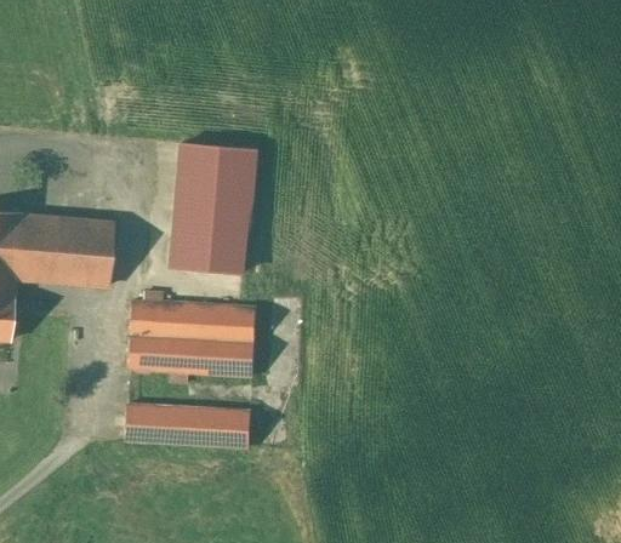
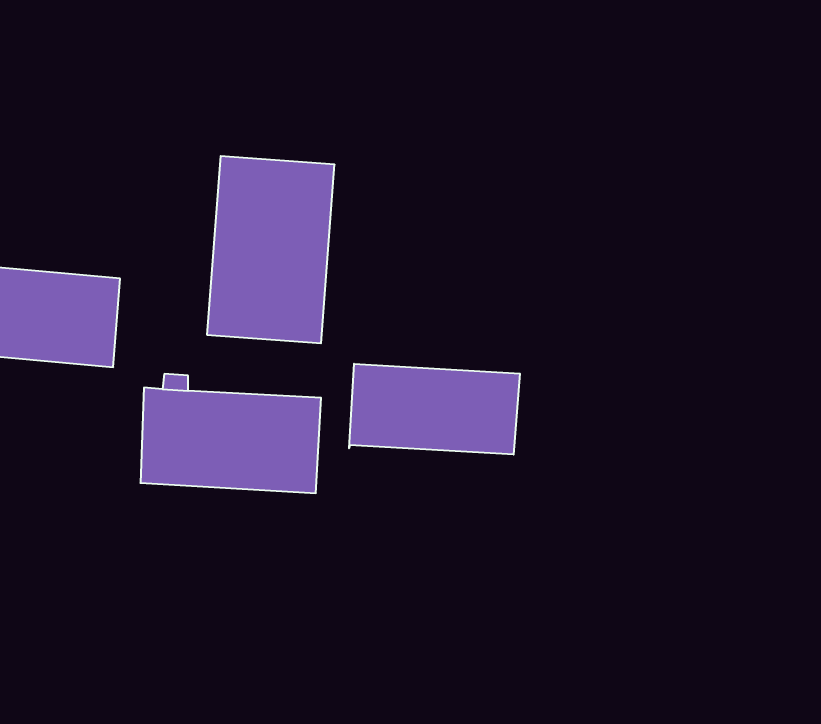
building: none -> [349,364,520,455]
building: [121,404,249,446] -> none

